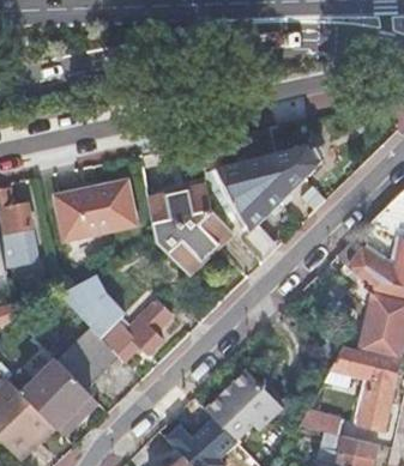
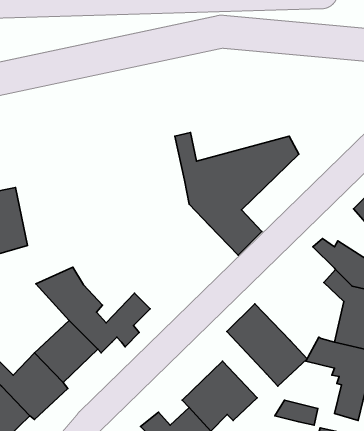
building: [52,176,139,241] -> none
building: [147,188,233,276] -> none
building: none -> [227,304,307,386]

